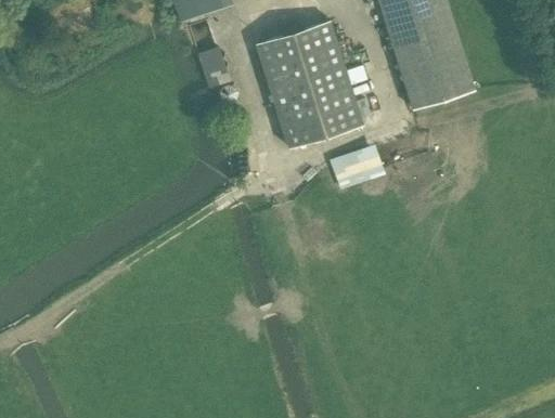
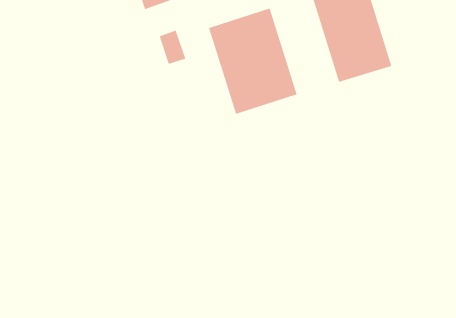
building: [331,144,386,190] -> none

